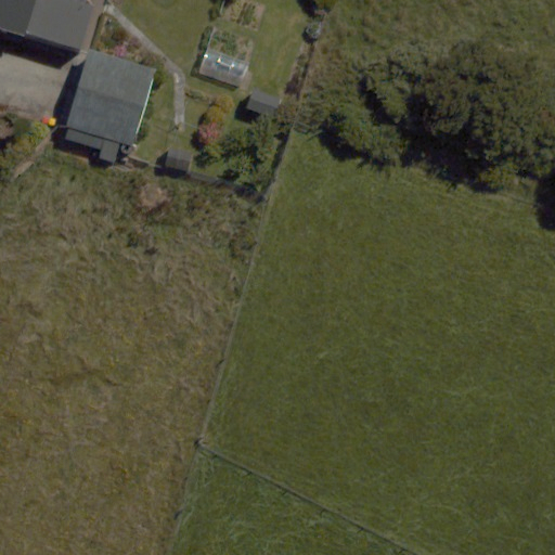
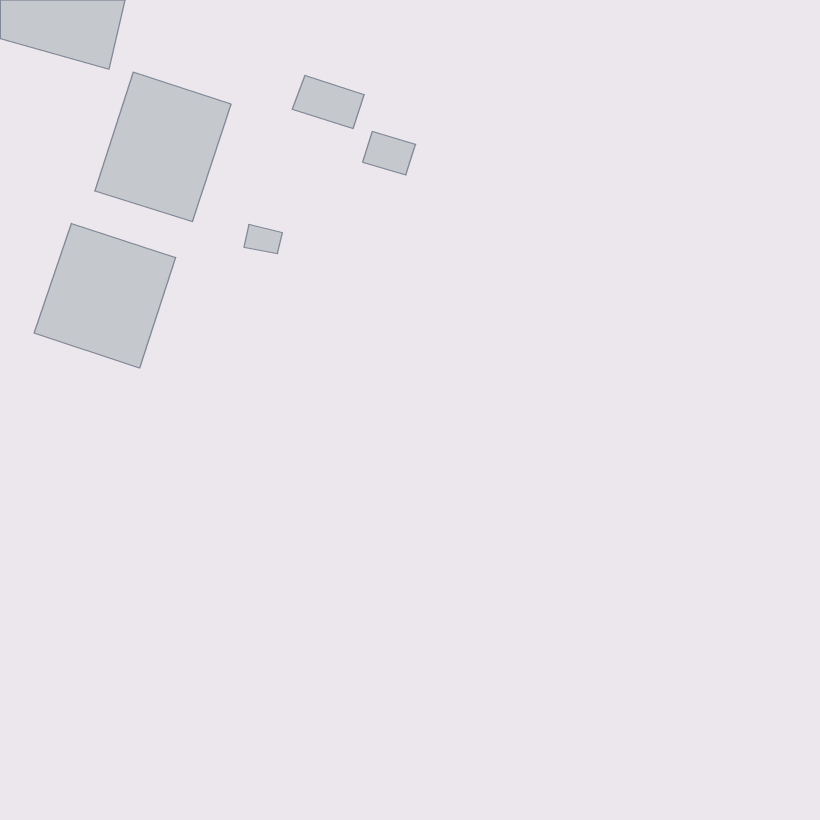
building: none -> [34,223,176,368]

